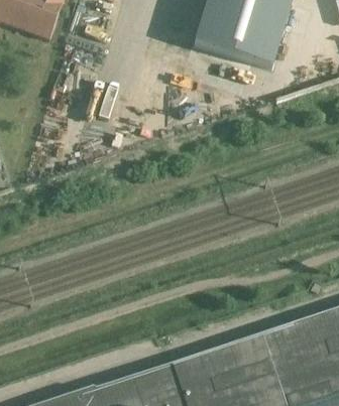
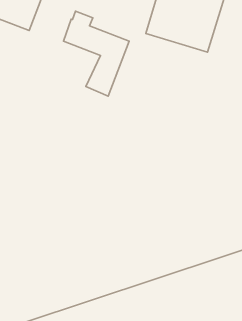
building: none -> [63,11,129,96]

